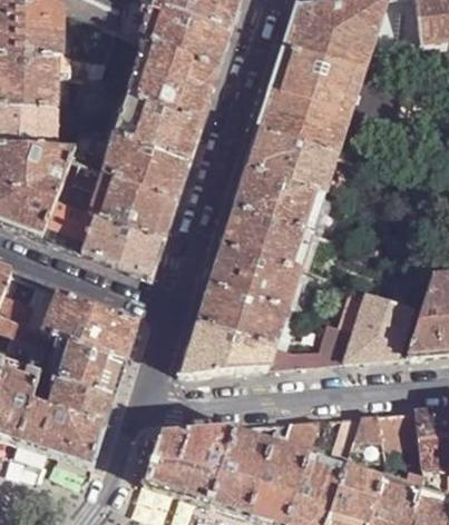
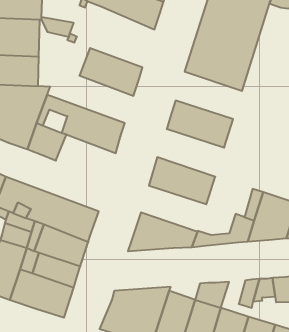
building: [128,38,217,121] -> none
building: [69,122,188,198] -> none
building: [246,127,338,192] -> none
building: [221,206,313,271] -> none
building: [81,214,164,276] -> none
building: [198,284,289,347] -> none

